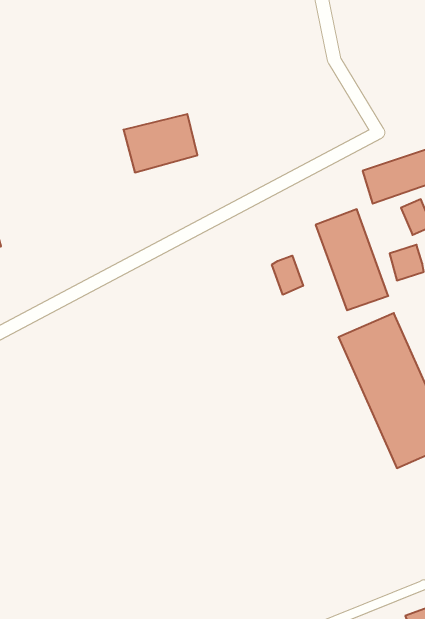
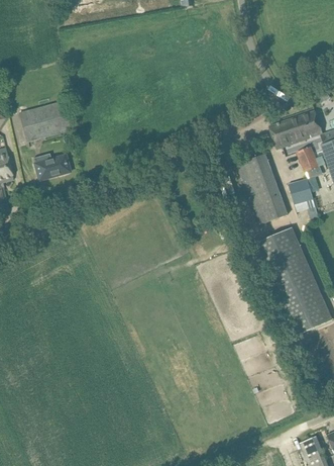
building: [123,114,197,172] -> [18,100,71,142]
building: none -> [33,153,71,178]
building: [272,256,303,295] -> none

